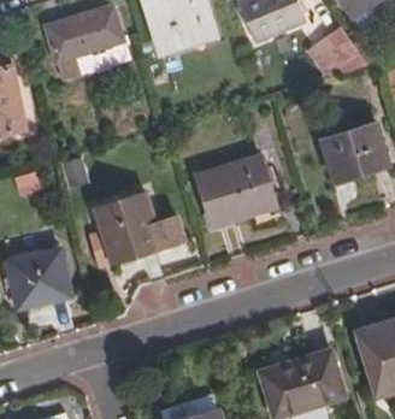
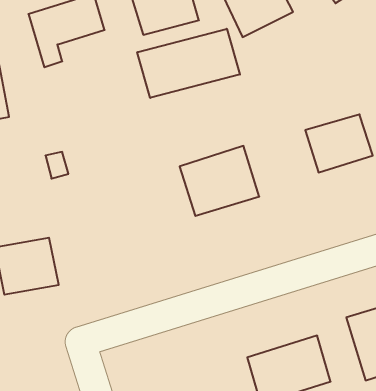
building: [309,28,364,77] -> none
building: none -> [137,29,240,98]
building: [98,197,185,262] -> none

